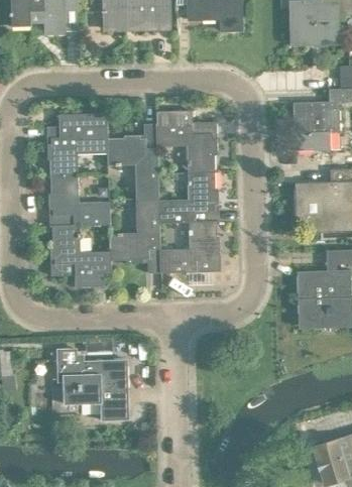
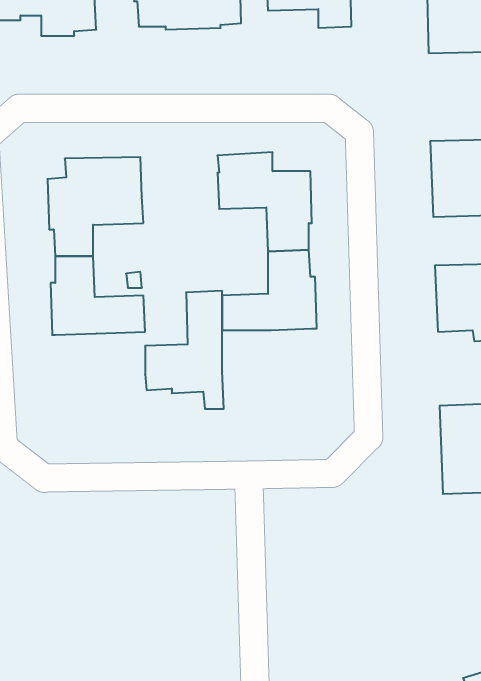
building: [107,123,158,200] -> none
building: [158,223,220,274] -> none
building: [48,226,110,288] -> none
building: [56,349,127,421] -> none

